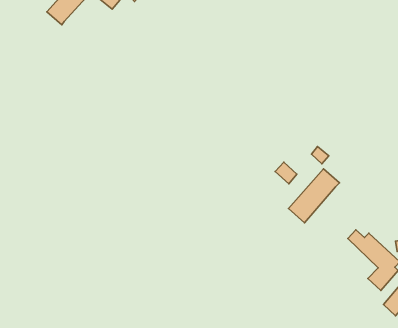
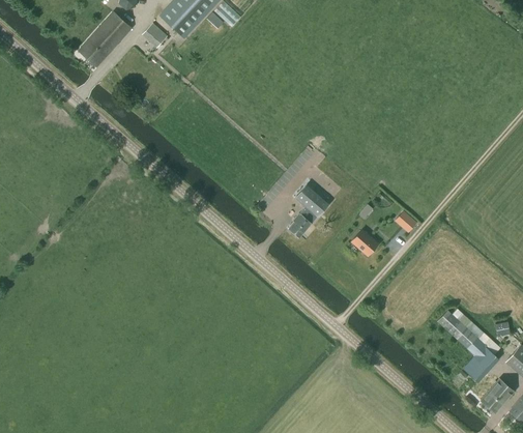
building: none -> [289,183,328,236]
building: [289,169,339,223] -> none

